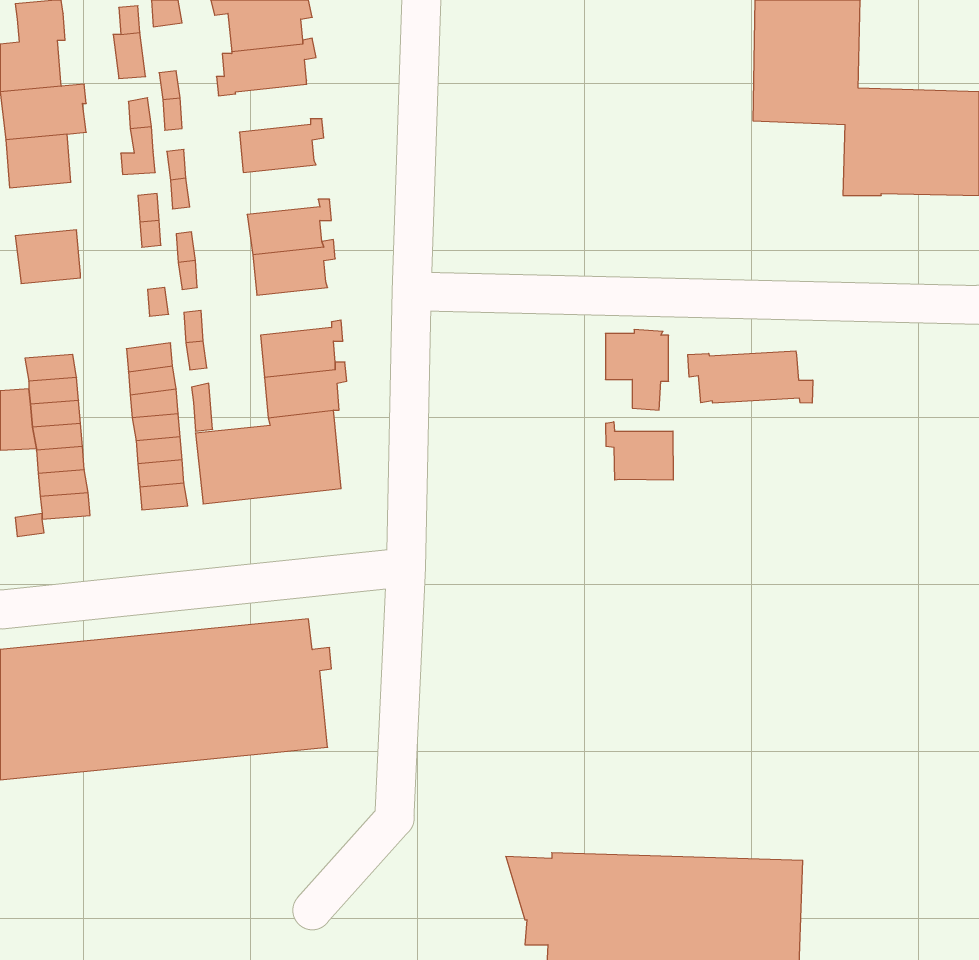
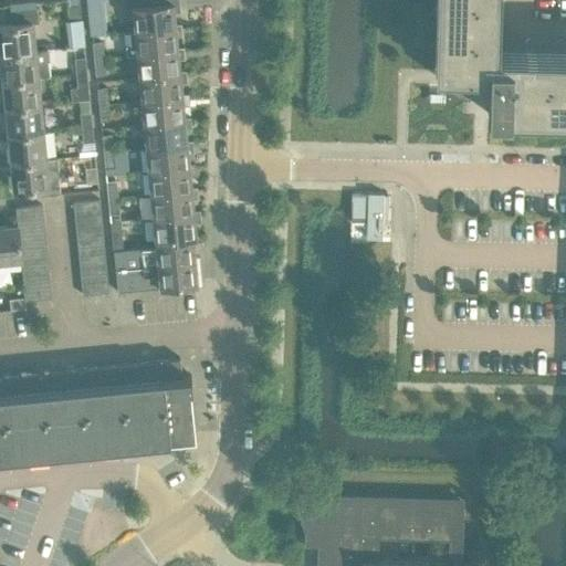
building: none -> [136,56,185,87]
building: none -> [140,103,189,135]
building: none -> [6,116,44,147]
building: none -> [12,168,60,208]
building: none -> [148,172,196,205]
building: [688,351,813,403] -> none
building: [606,422,673,480] -> none

